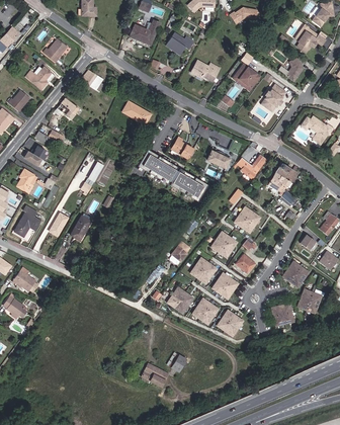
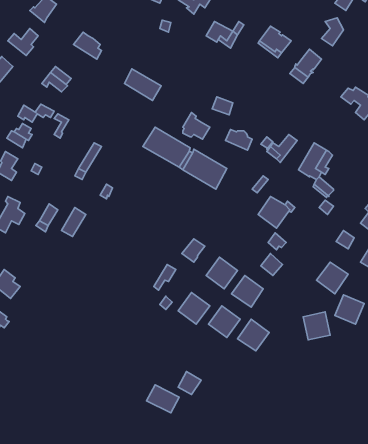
building: [211,231,238,257] -> none

